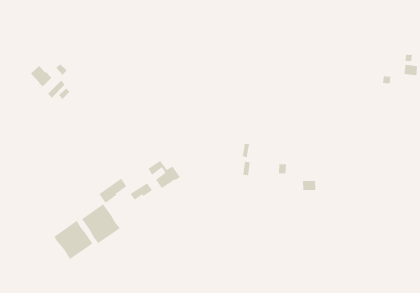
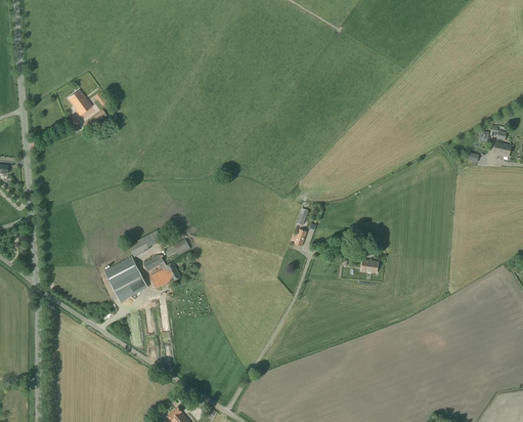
building: [147,160,181,189] -> [142,254,179,287]
building: [54,220,93,260] -> none

